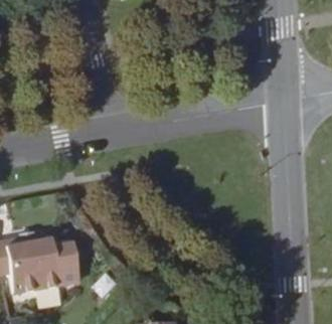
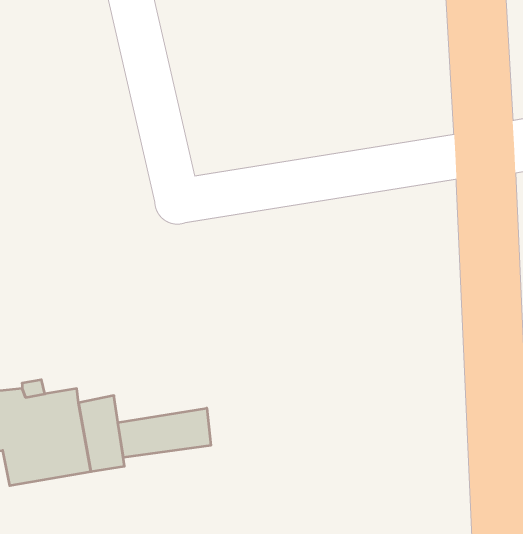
building: none -> [118,408,211,458]

